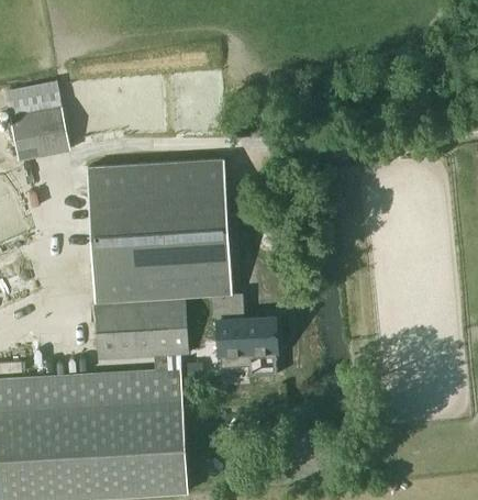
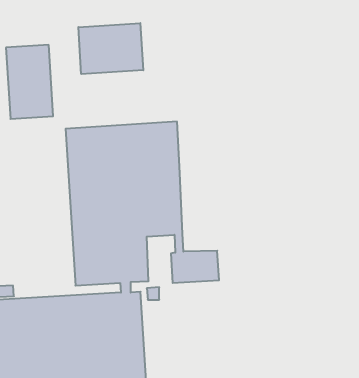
building: none -> [78,23,143,74]

